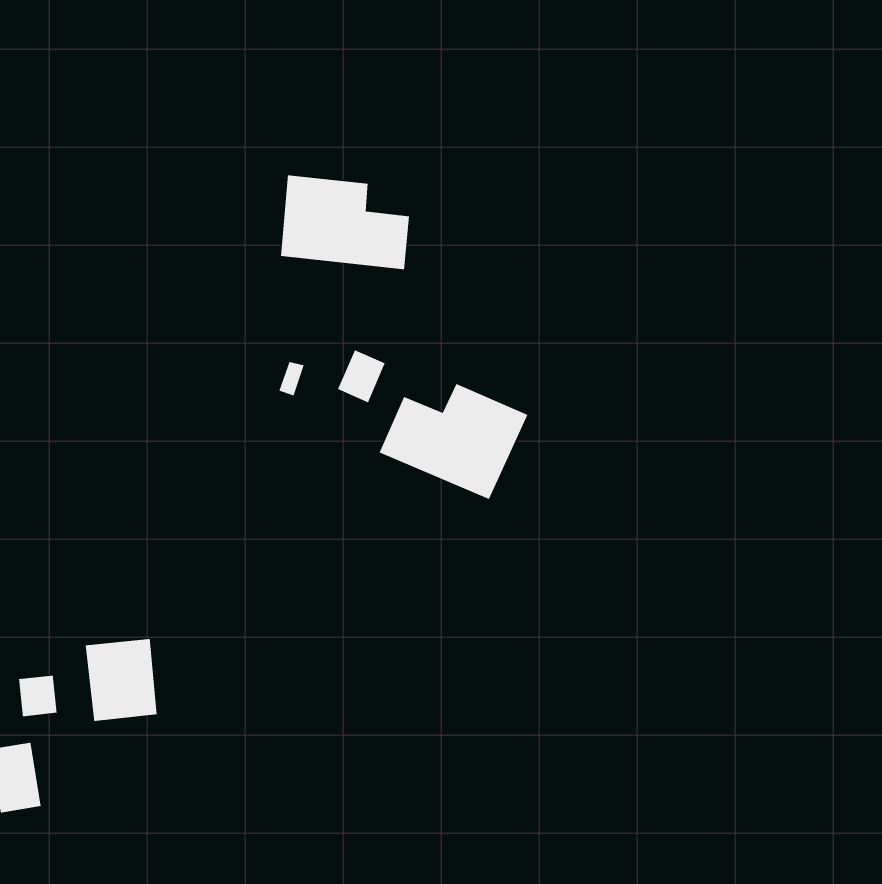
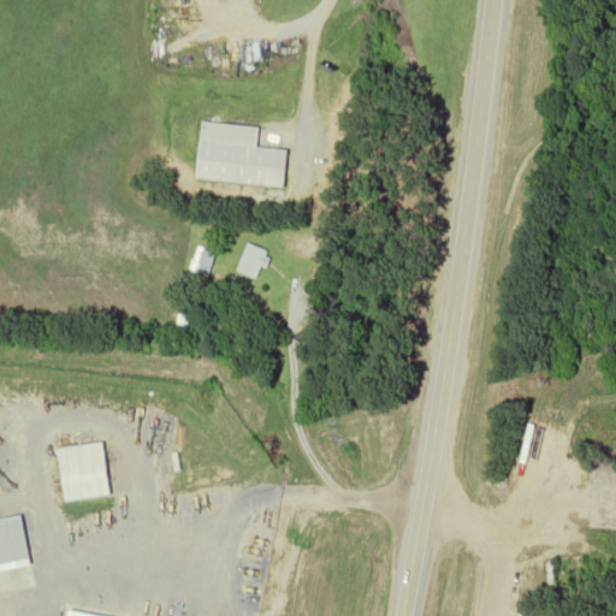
building: [379,383,528,500] -> none
building: [18,675,57,717] -> none

